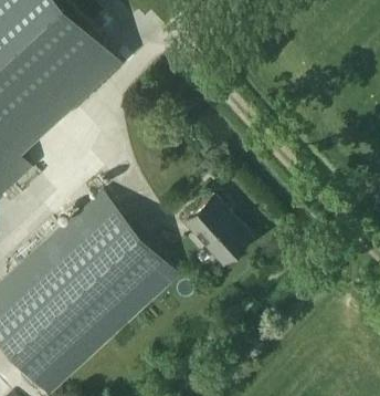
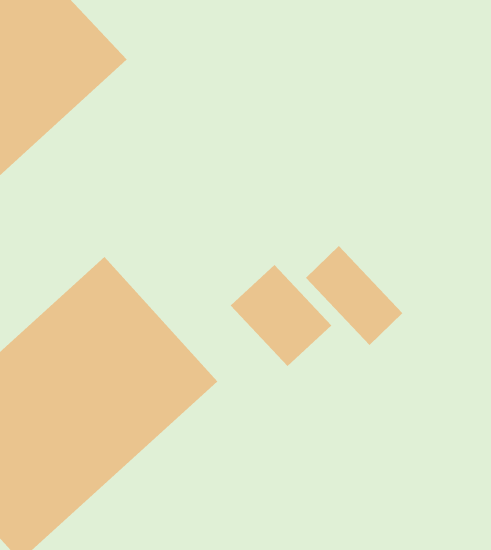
building: none -> [305,245,403,346]

